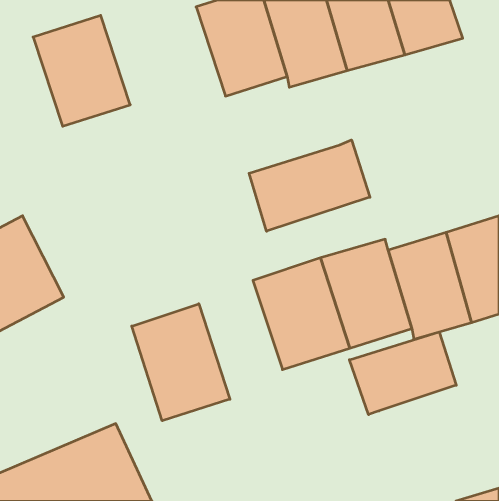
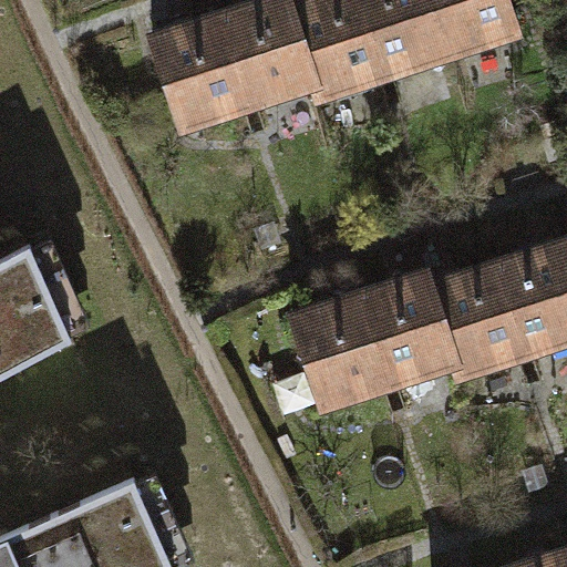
building: [33,15,130,126] -> [145,8,255,133]
building: [249,140,370,231] -> none
building: [132,304,230,421] -> none
building: [349,332,456,415] -> none

